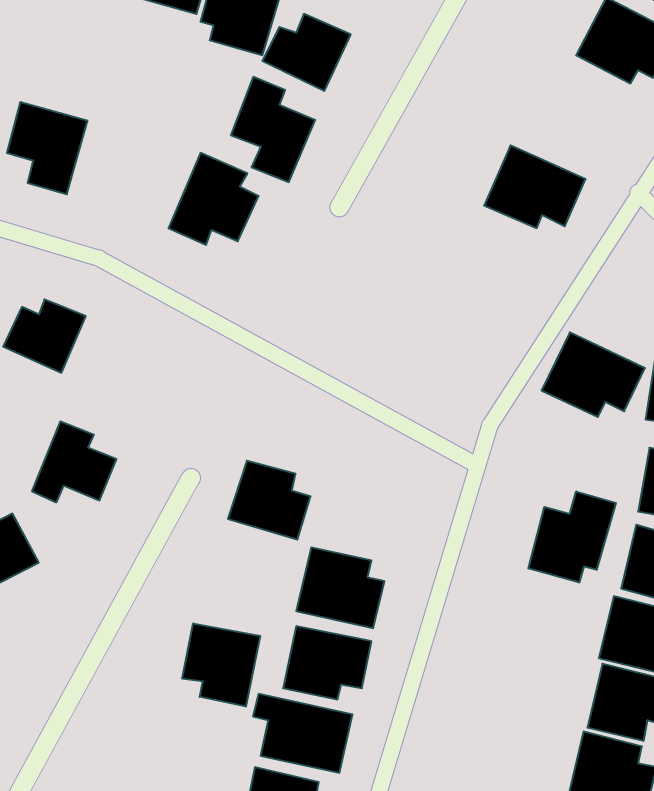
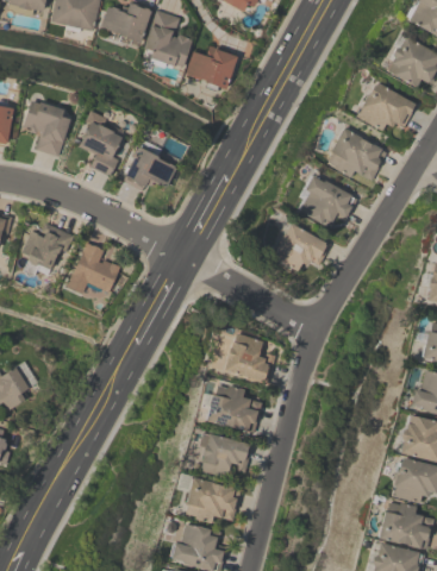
building: none -> [355,81,418,133]
building: [231,77,315,182] -> [76,111,130,177]
building: none -> [270,222,331,274]
building: [542,332,645,417] -> [293,174,358,227]
building: [32,422,116,502] -> [67,244,120,295]
building: [228,461,311,540] -> [223,333,275,383]
building: [528,491,616,583] -> none
building: [182,623,260,707] -> none

